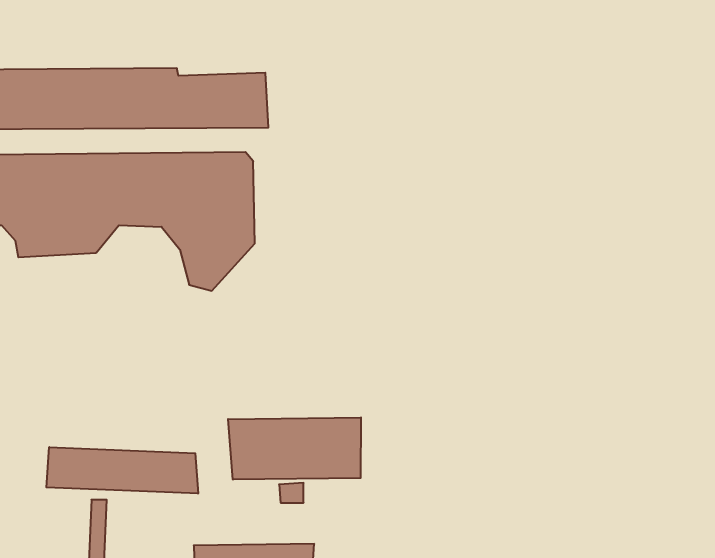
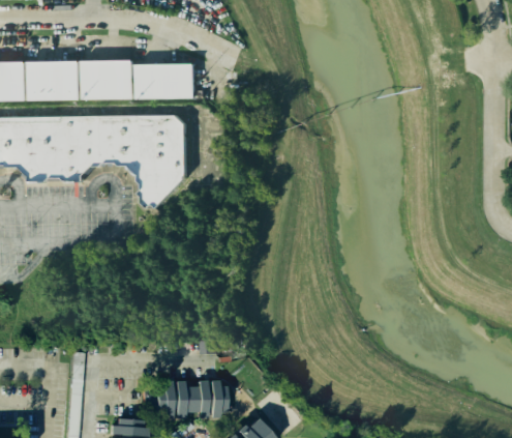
building: [228,417,361,480] -> none
building: [46,447,198,494] -> none

